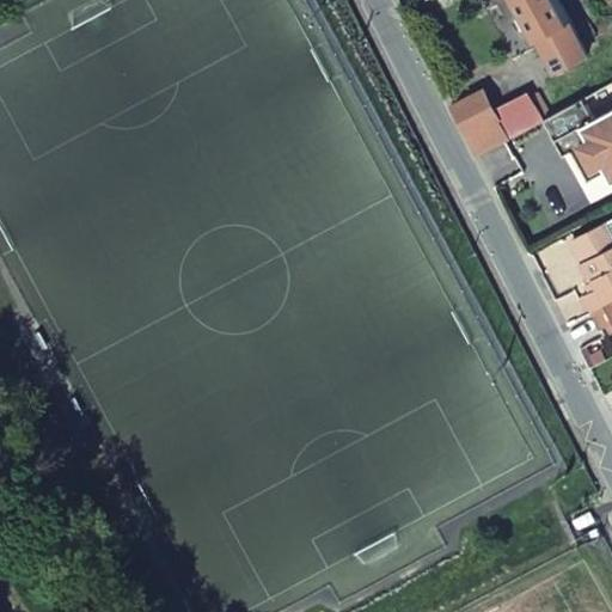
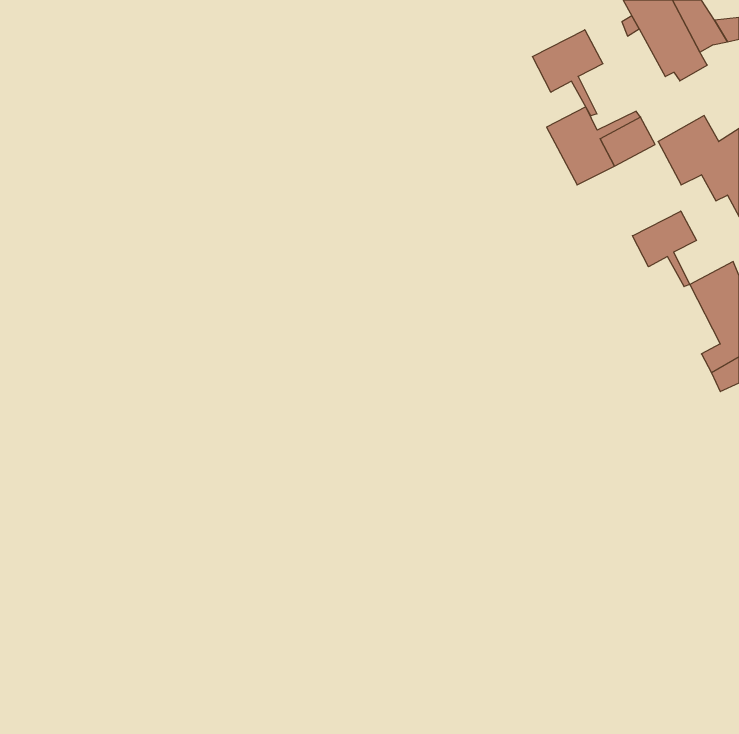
building: none -> [532,30,603,116]
building: none -> [632,211,696,287]

